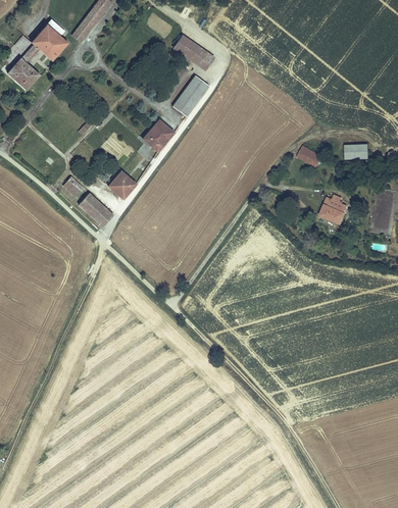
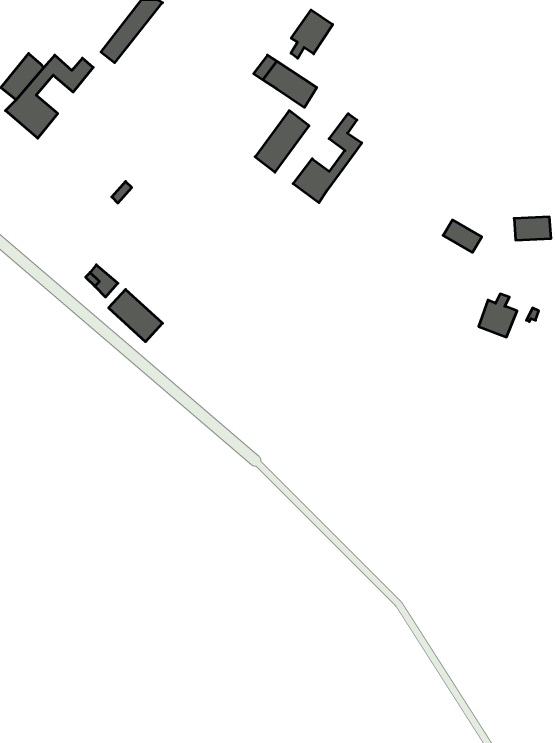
building: none -> [291,10,333,58]
building: none -> [293,114,362,203]
building: [143,118,175,151] -> none
building: [109,170,137,198] -> none

